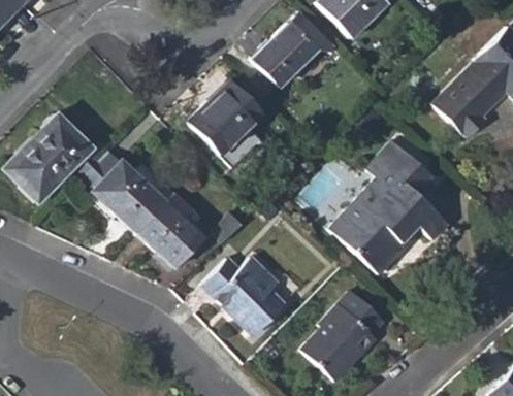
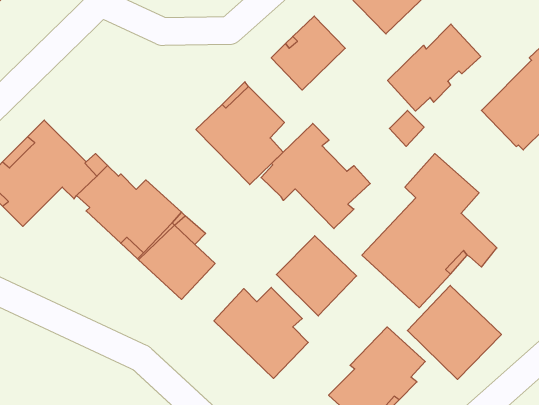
building: none -> [388,24,481,111]
building: none -> [261,123,370,229]
building: none -> [276,236,357,316]
building: none -> [407,285,501,379]

